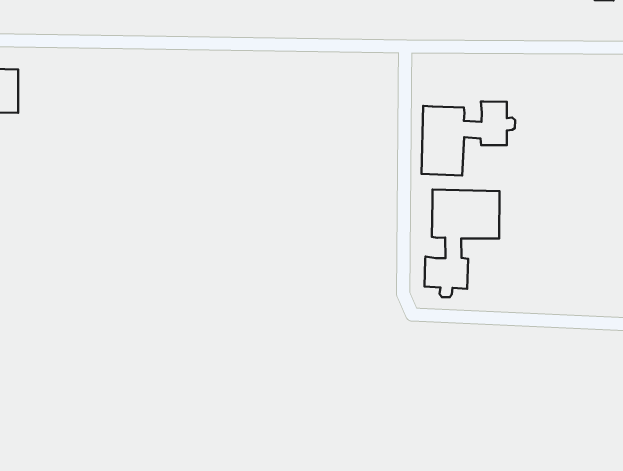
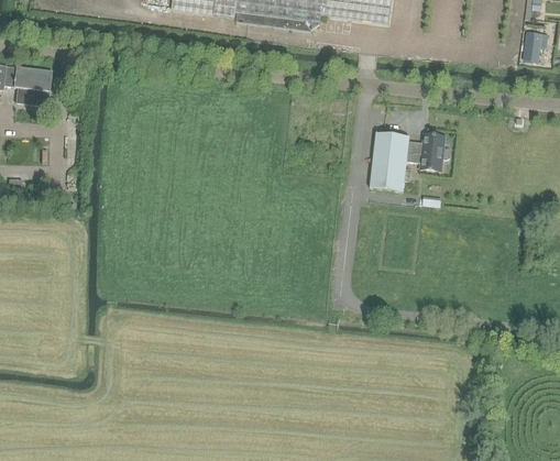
building: [424,190,500,297] -> none

